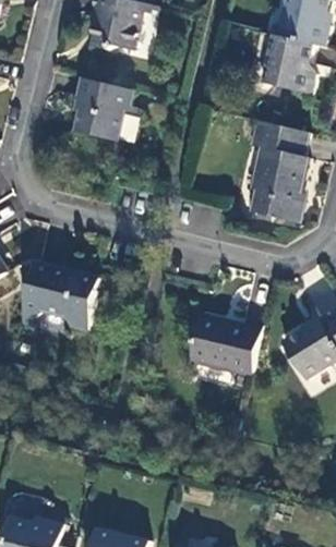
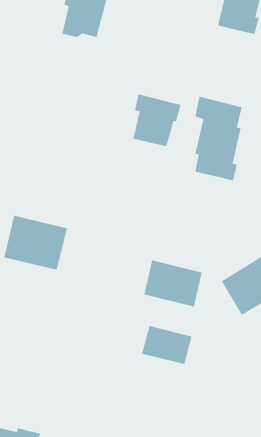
building: [262,34,314,93] -> none
building: [74,76,133,141] -> [132,94,181,147]
building: none -> [141,325,193,365]

